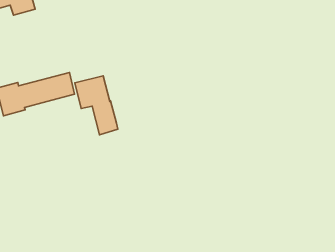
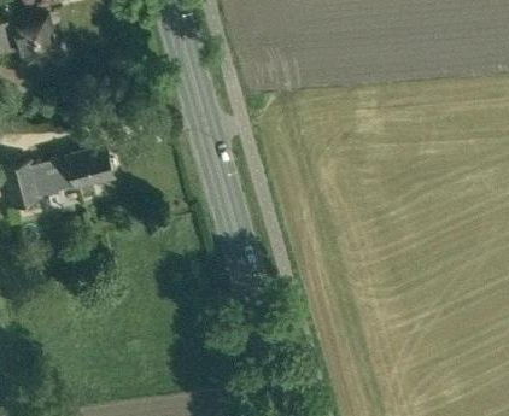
building: [75,76,118,135] -> none

